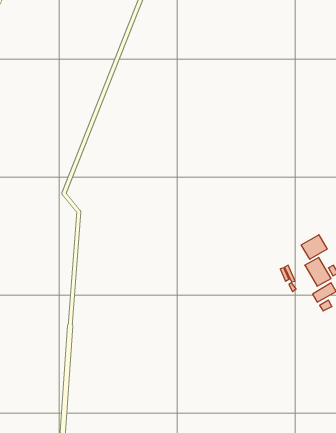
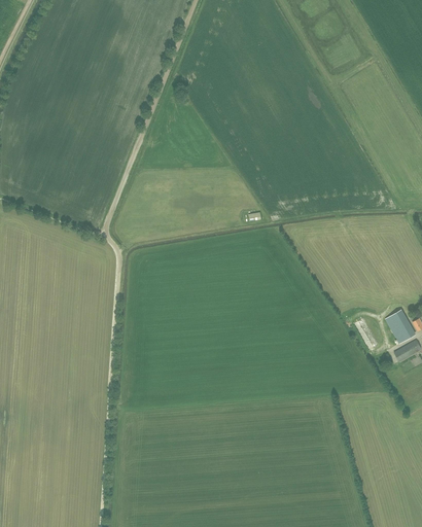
building: [301,235,327,259] -> none

